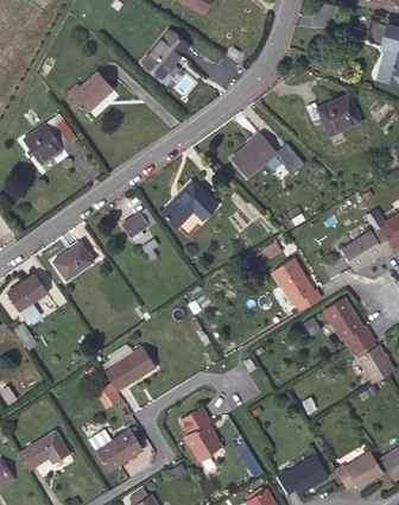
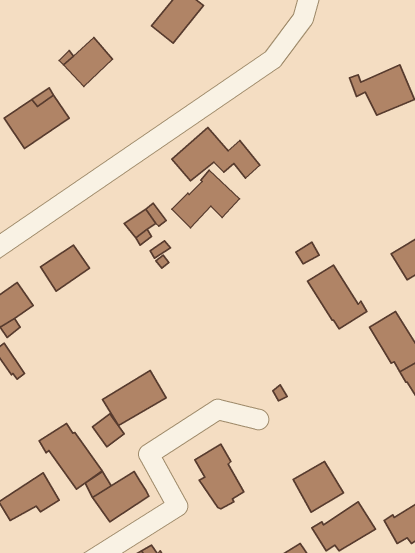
building: [230,133,303,177] -> [172,128,260,181]
building: none -> [39,423,102,489]
building: none -> [293,462,343,512]

